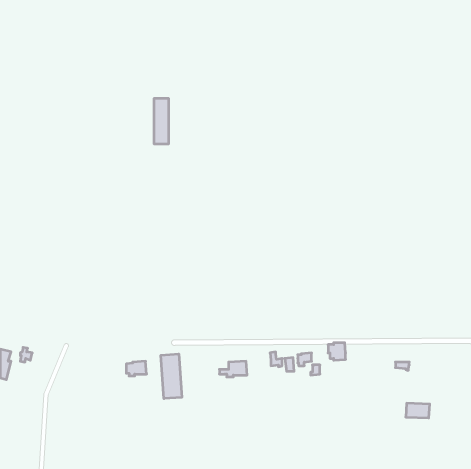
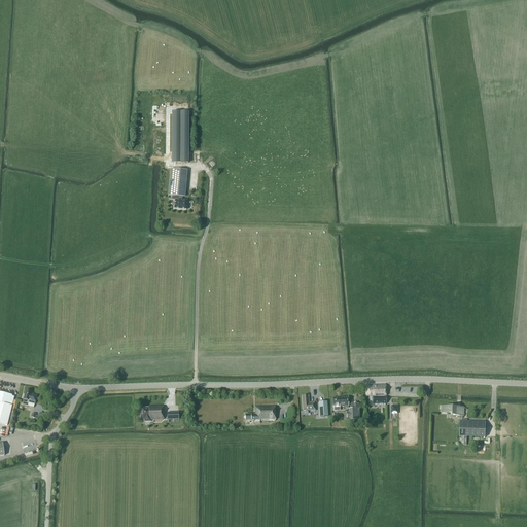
building: none -> [169,168,187,208]
building: [161,354,182,399] -> none
building: [406,403,430,418] -> [459,419,486,435]

